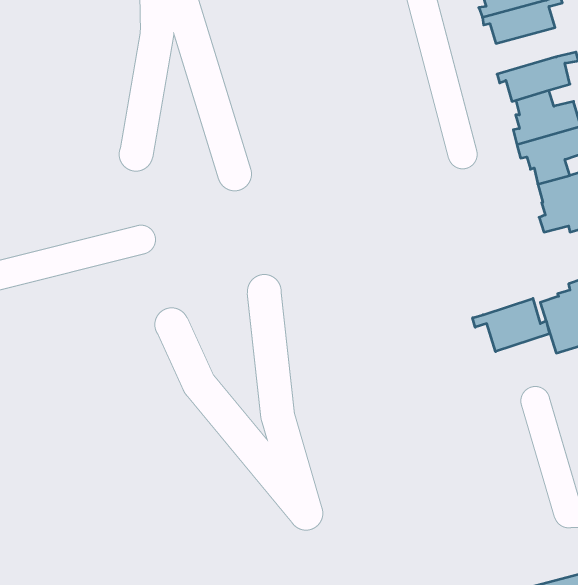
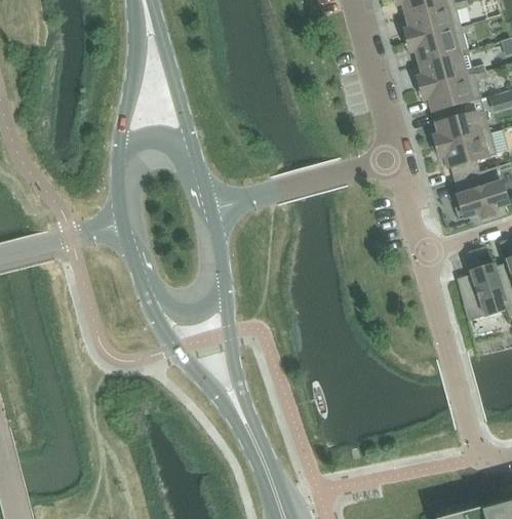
building: none -> [418,51,472,90]
building: [473,298,549,352] -> none

